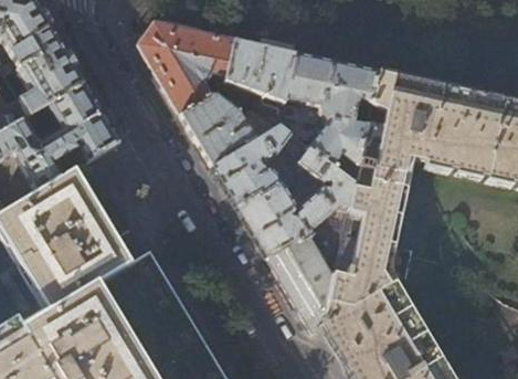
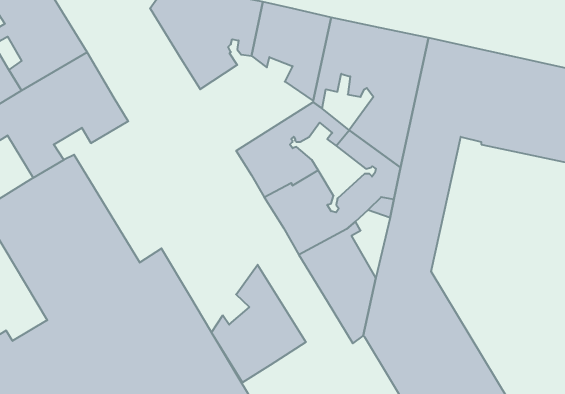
building: [182,85,279,167] -> none
building: none -> [212,265,306,382]

